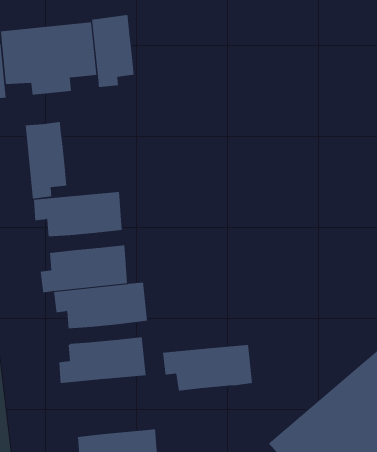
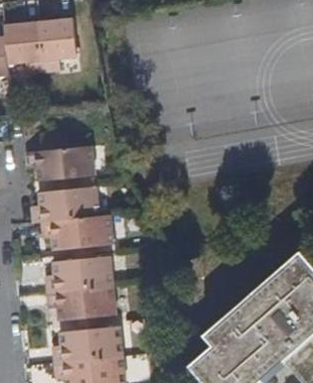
building: [92,14,134,88] -> none
building: [25,121,67,199] -> none
building: [162,345,253,391] -> [48,285,117,321]

